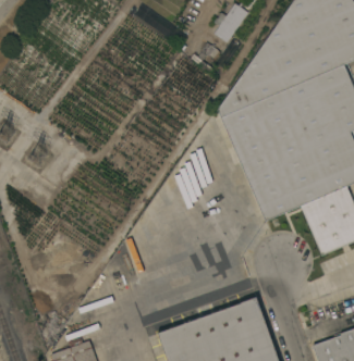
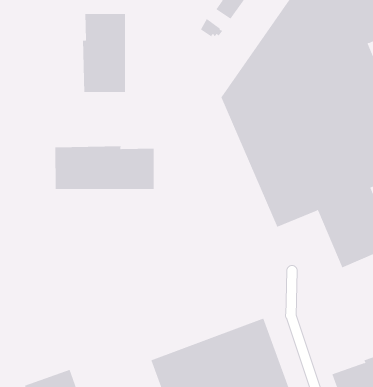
building: none -> [83,13,126,93]
building: none -> [55,146,154,190]

